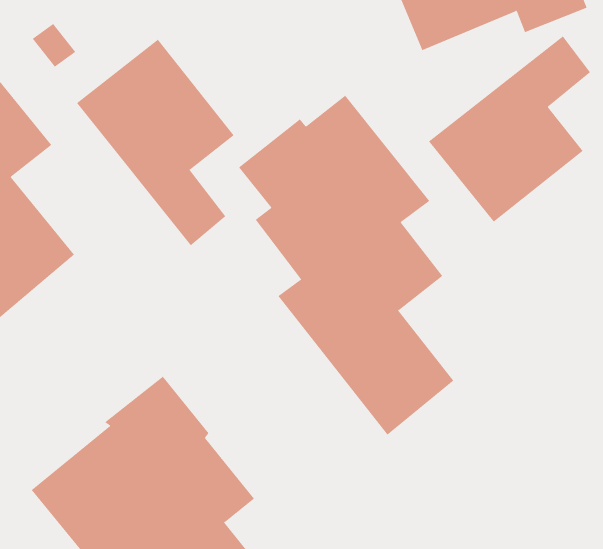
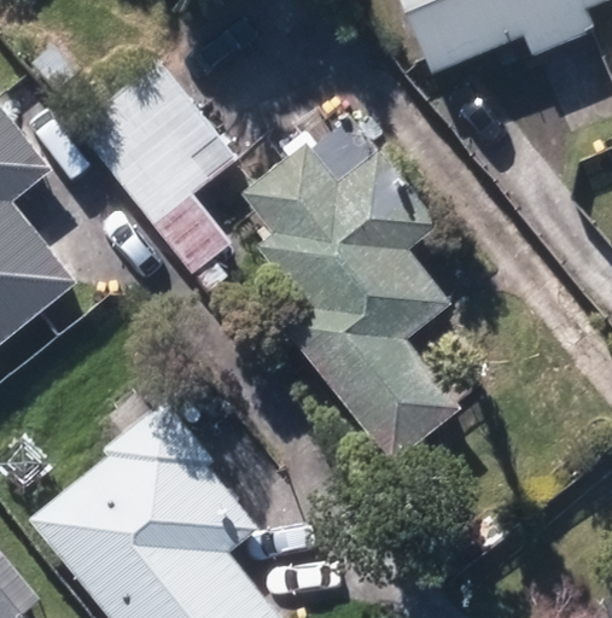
building: [428,36,591,223] -> none

